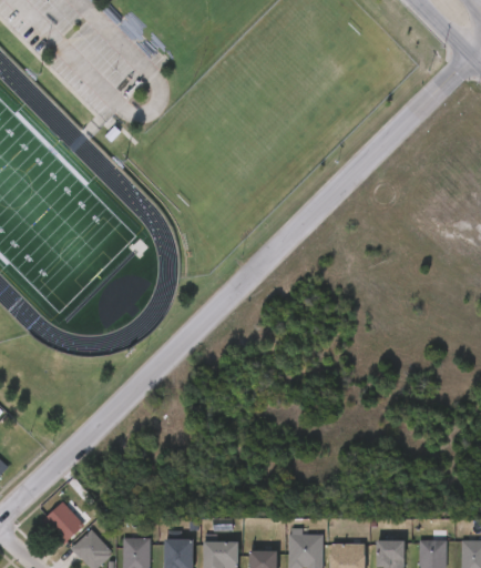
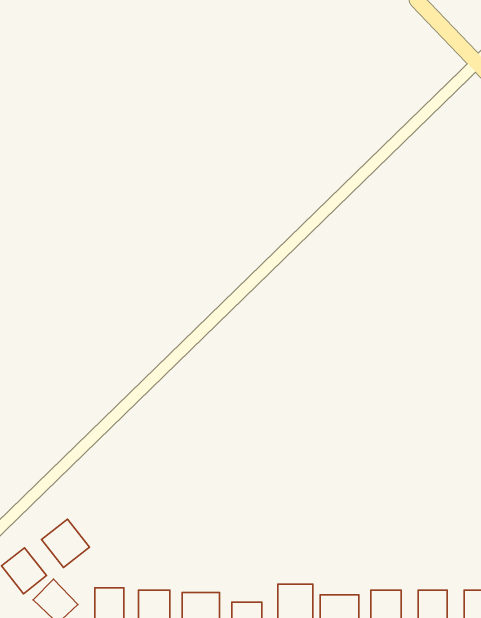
building: none -> [42,519,90,568]

